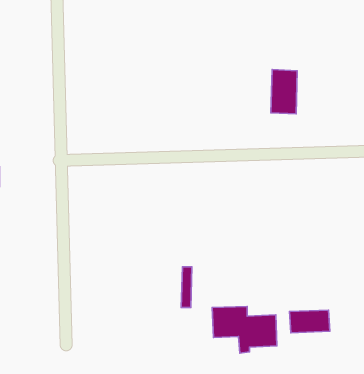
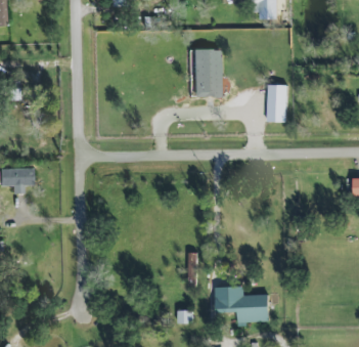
building: none -> [193,48,221,96]
building: [289,310,330,333] -> none

